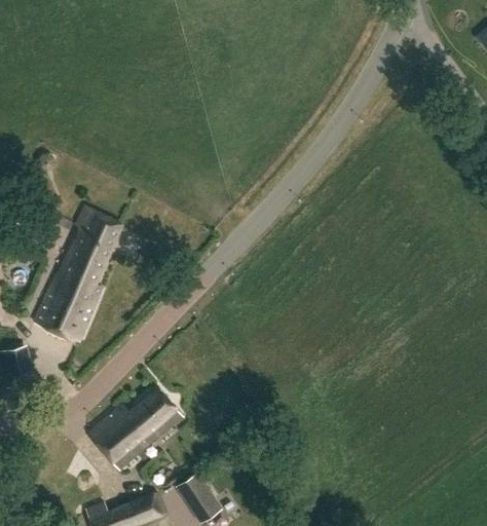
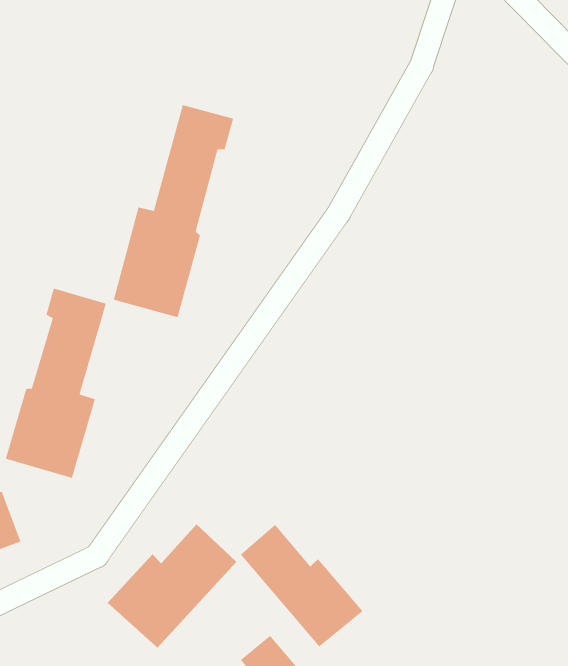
building: none -> [113,104,234,318]
building: none -> [240,524,364,648]

